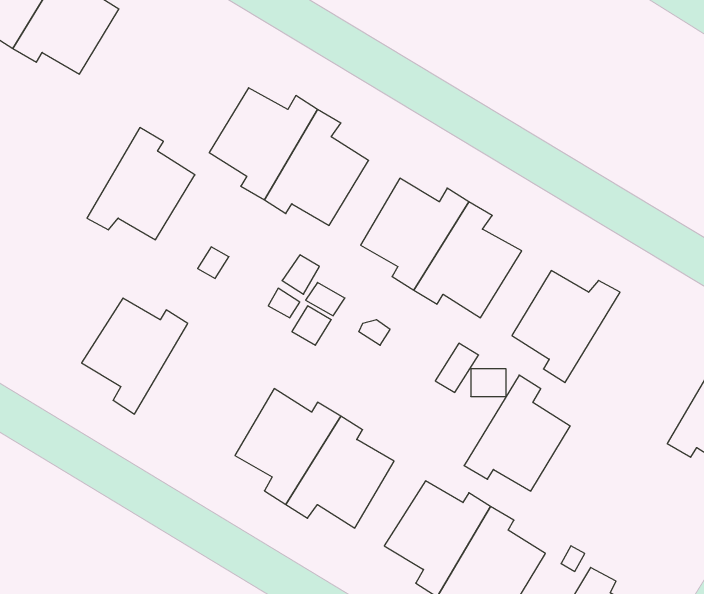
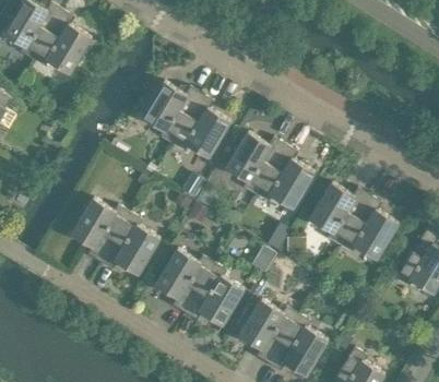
building: [87,128,195,240] -> [99,214,159,276]
building: [464,375,570,491] -> [339,196,398,261]

